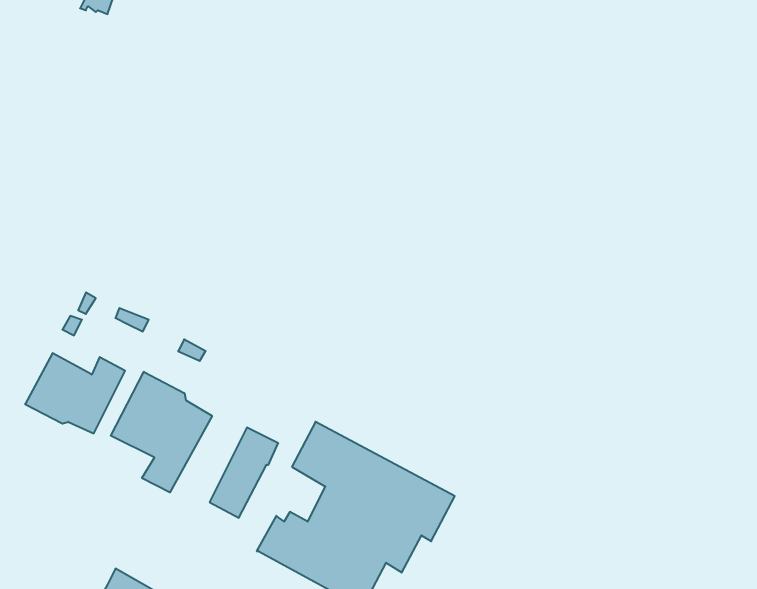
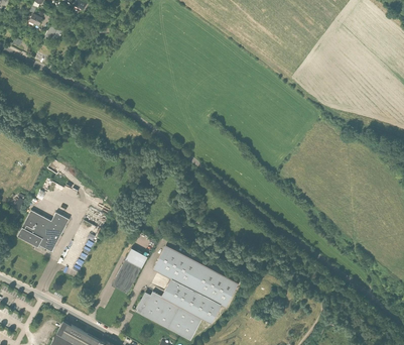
building: [111,372,212,492] -> none

